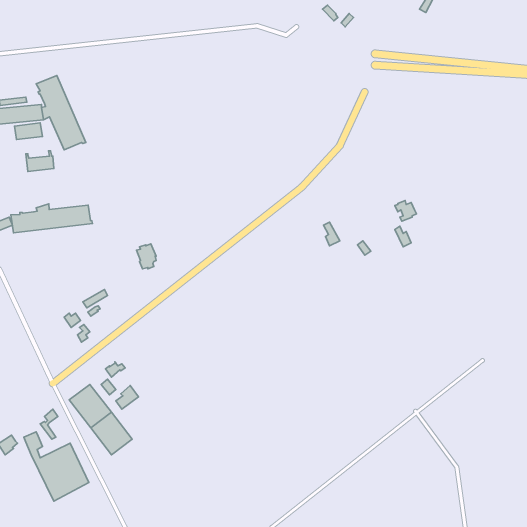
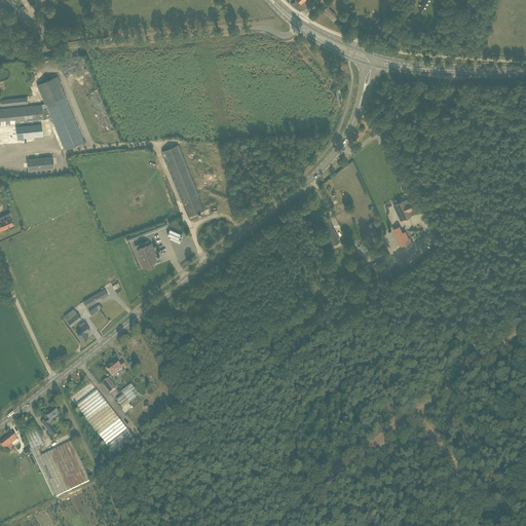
building: none -> [161,145,203,216]
building: [11,204,92,233] -> none

